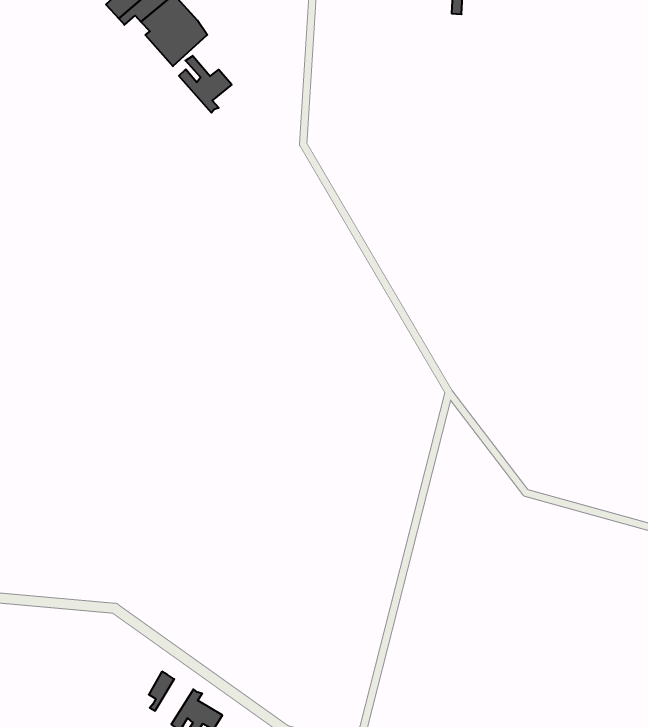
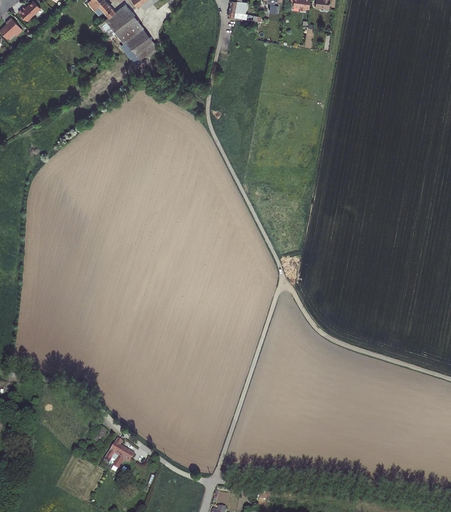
building: [179,56,232,113] -> none

